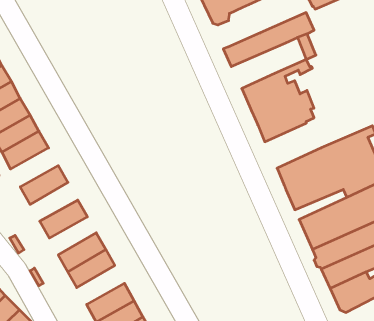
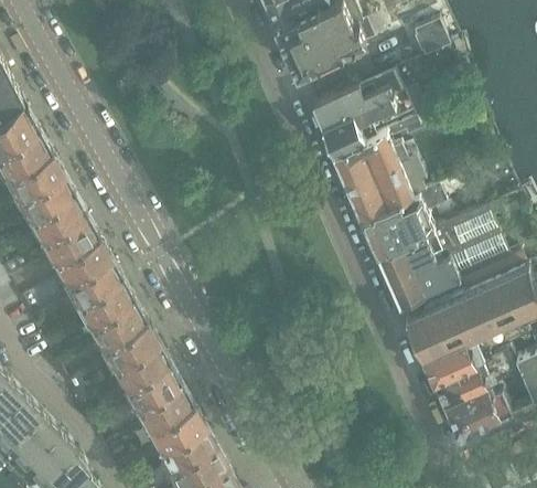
building: none -> [322,102,396,159]
building: none -> [364,190,447,258]
building: none -> [46,233,106,282]
building: none -> [71,276,130,325]
building: none -> [95,319,153,367]
building: none -> [129,380,189,428]

